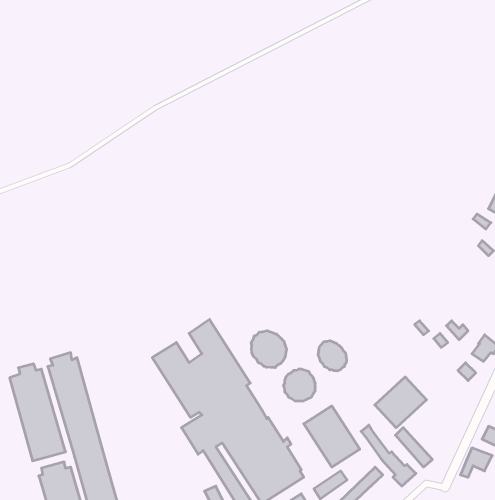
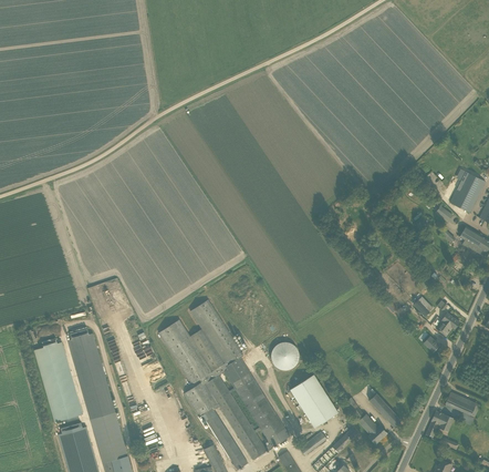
building: [251,331,287,368] -> none
building: [318,341,347,371] -> none
building: [375,377,427,428] -> none

